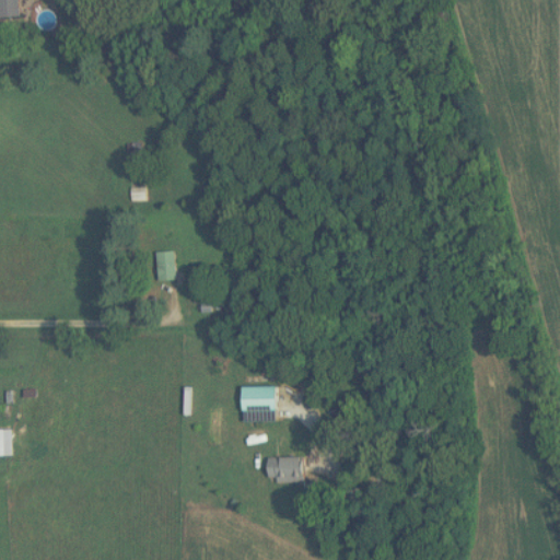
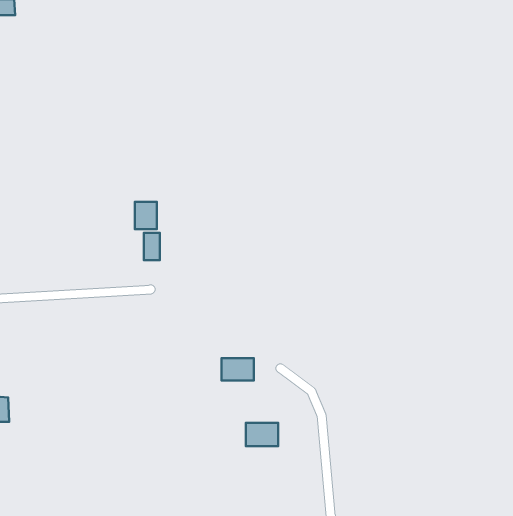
building: none -> [135,202,157,229]

